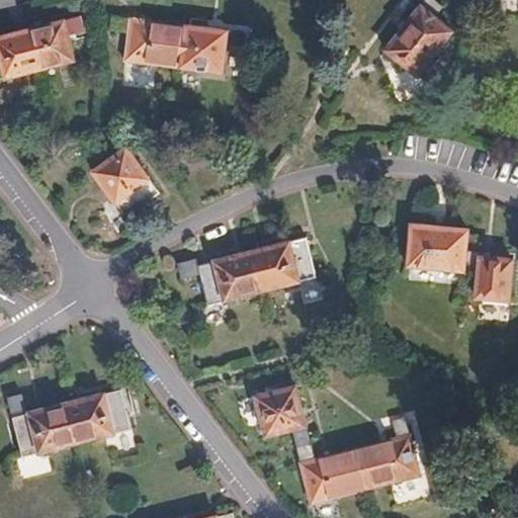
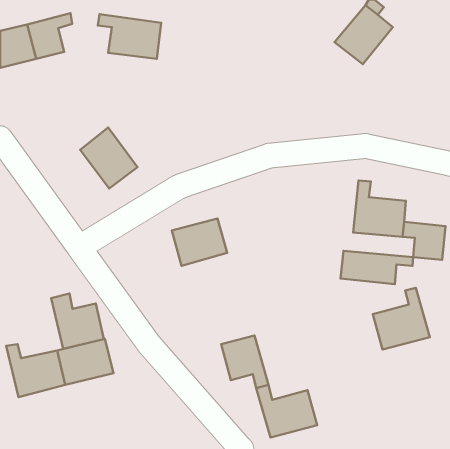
building: [180,26,244,73] -> none
building: [250,236,315,290] -> none
building: none -> [340,251,413,284]
building: none -> [51,294,104,349]
building: [353,418,419,489] -> [373,288,430,350]

